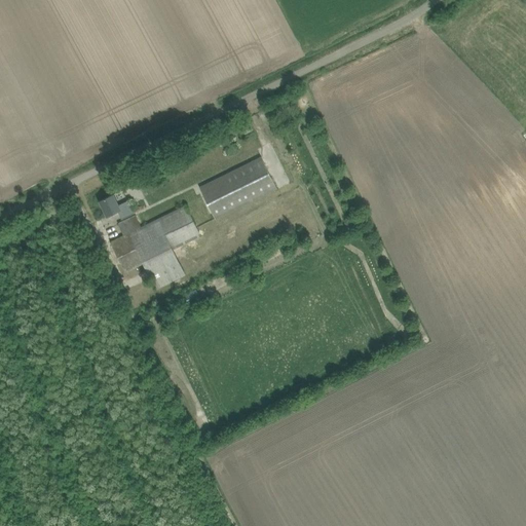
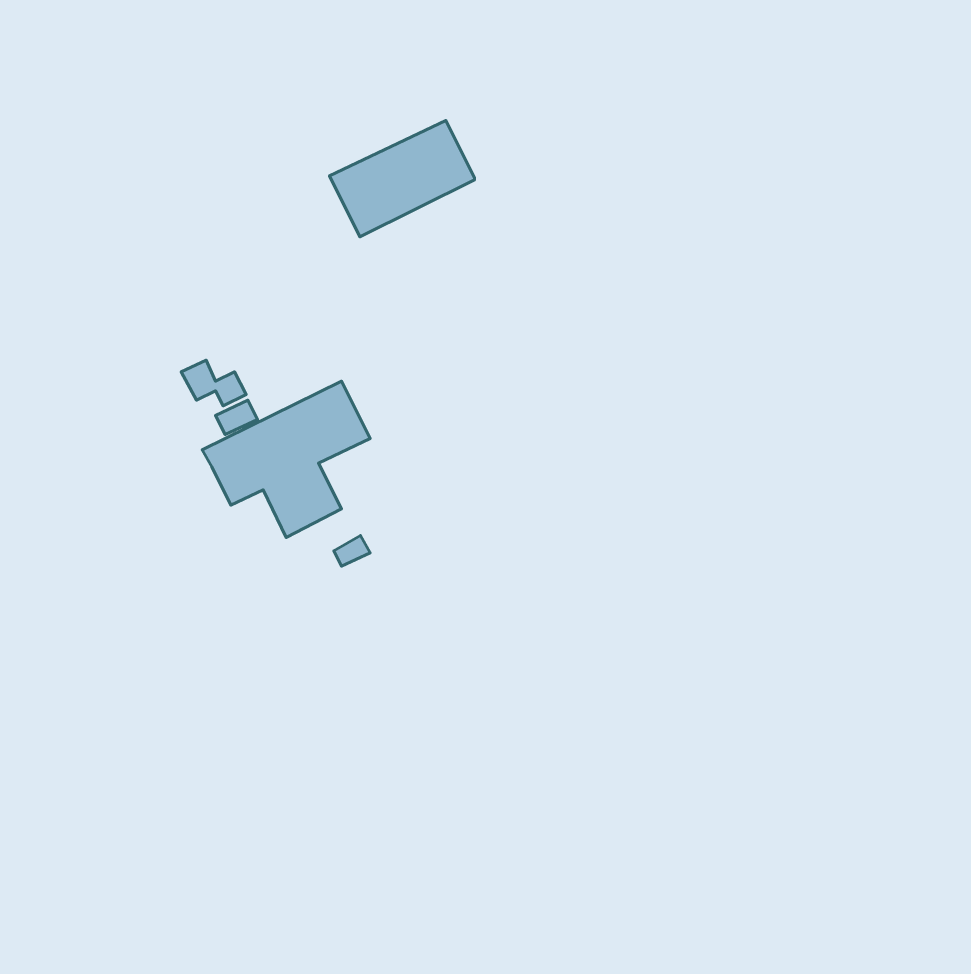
building: [197,157,275,220] -> [329,121,474,237]

